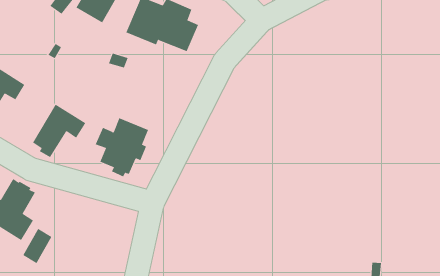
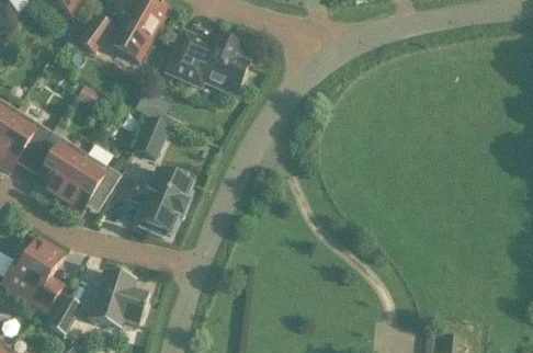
building: none -> [134,116,168,157]
building: none -> [33,130,84,196]
building: none -> [88,269,149,329]

